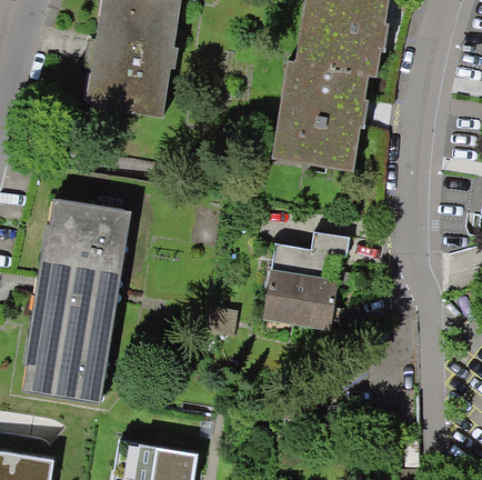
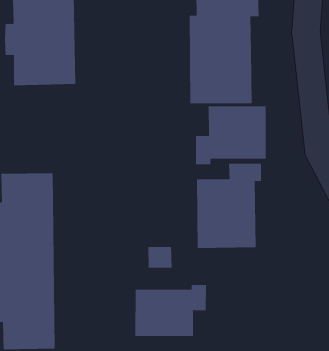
building: none -> [196,105,266,165]
building: none -> [135,284,207,337]

